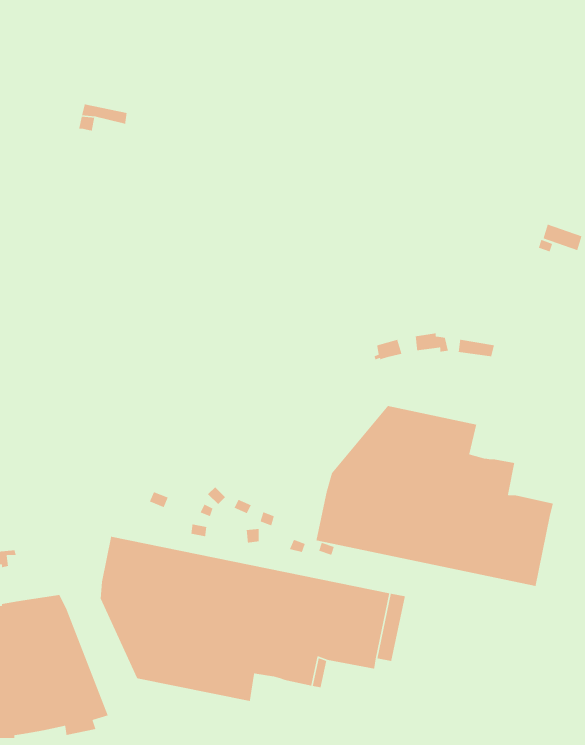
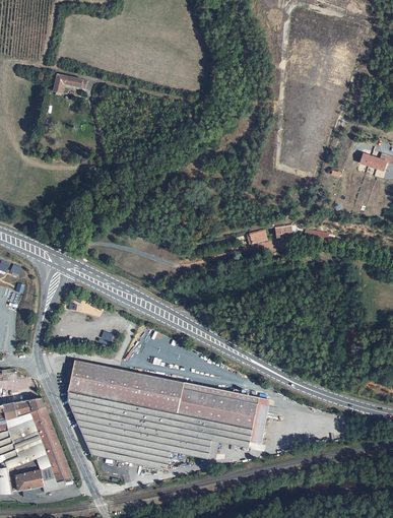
building: [315,405,554,587] -> none

